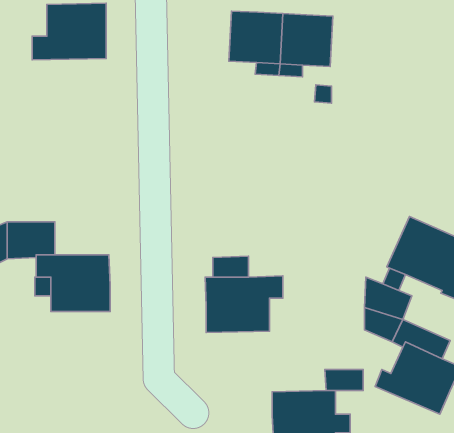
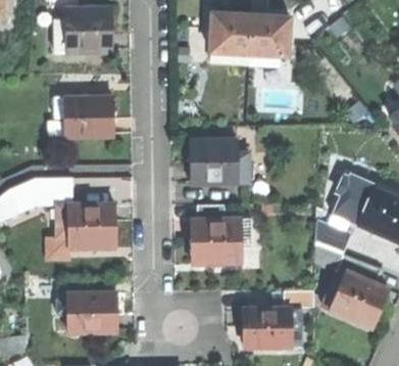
building: none -> [55,96,115,135]
building: none -> [190,140,248,183]
building: none -> [57,292,116,331]

